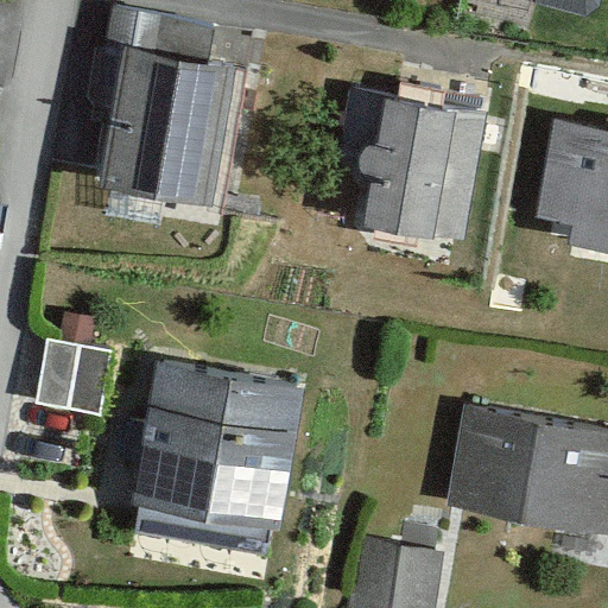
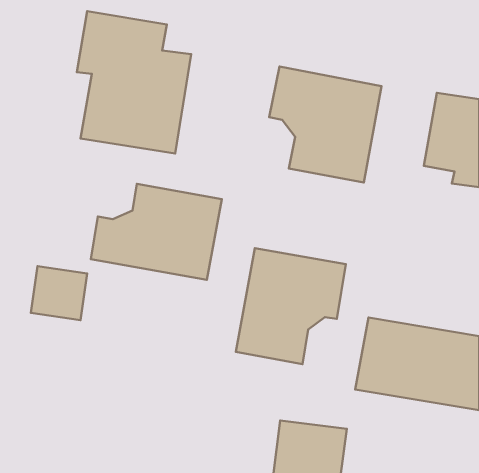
building: none -> [91,184,222,280]
building: none -> [236,248,346,364]
building: [134,362,300,555] -> none

